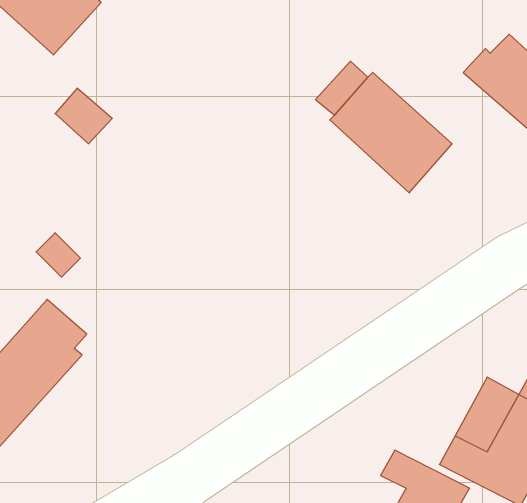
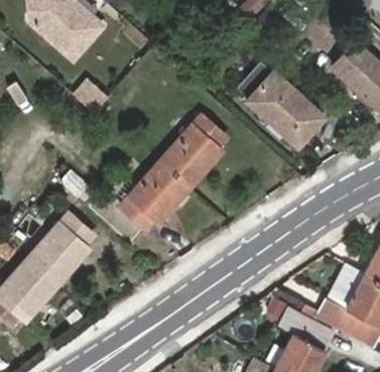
building: none -> [118,115,228,231]

